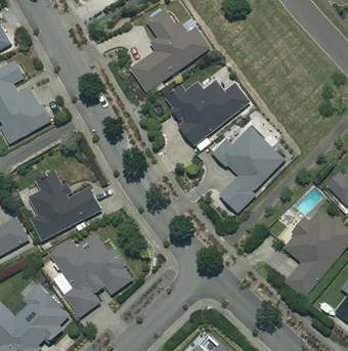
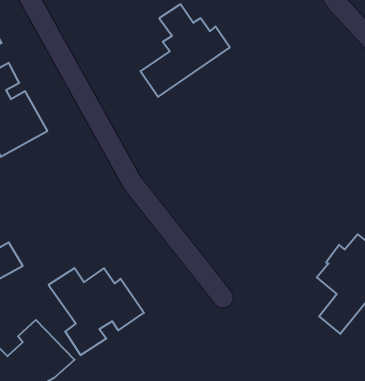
building: [163,81,248,144] -> none
building: [213,126,284,212] -> none
building: [29,172,99,238] -> none

